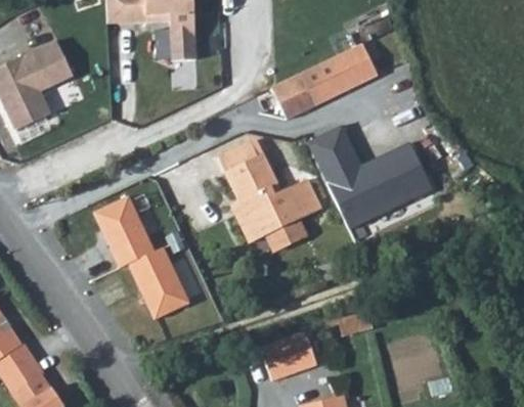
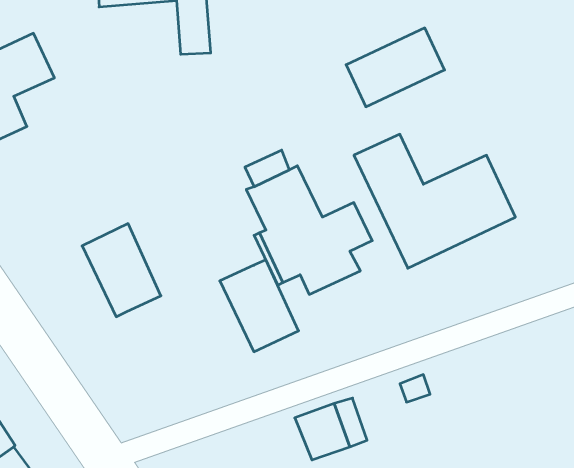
building: [271,72,315,118] -> none
building: [129,247,190,319] -> [220,260,299,352]

